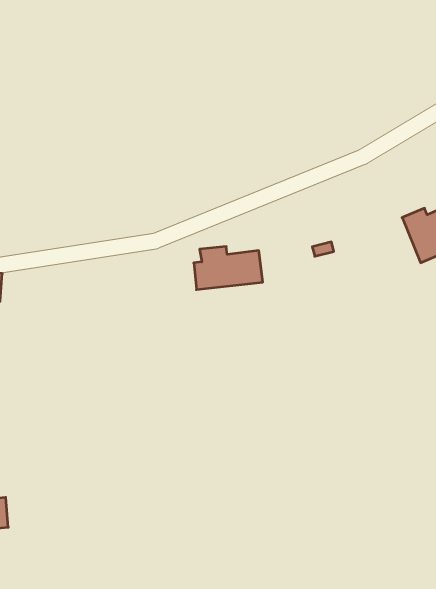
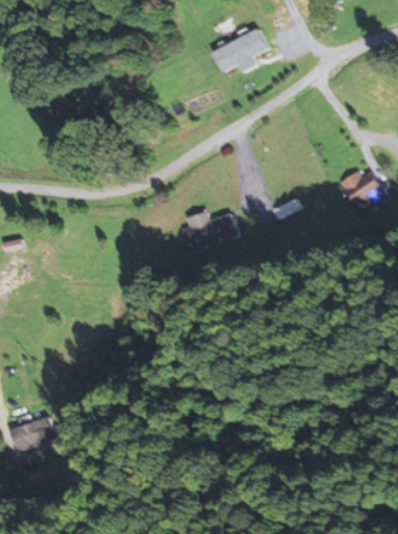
building: none -> [210,26,267,71]

